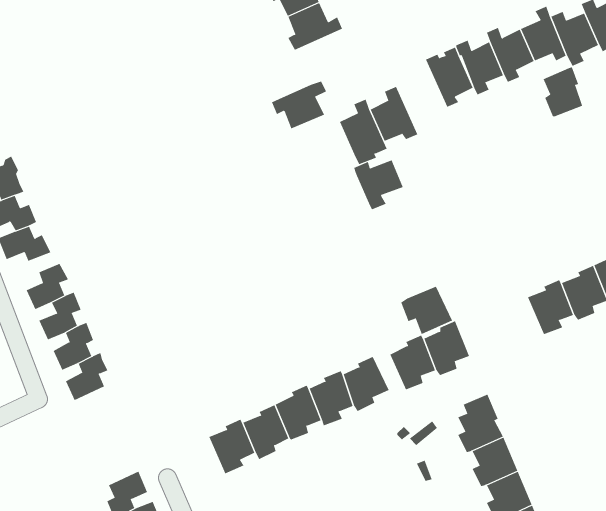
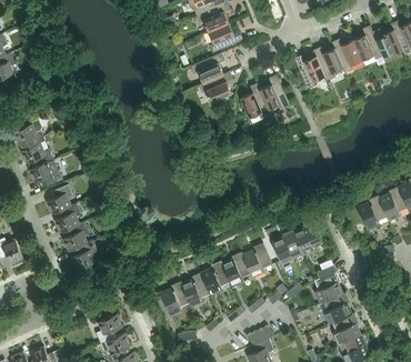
building: none -> [191,53,224,83]
building: [543,67,583,117] -> none
building: [353,160,403,210] -> none
building: [400,286,453,335] -> none

